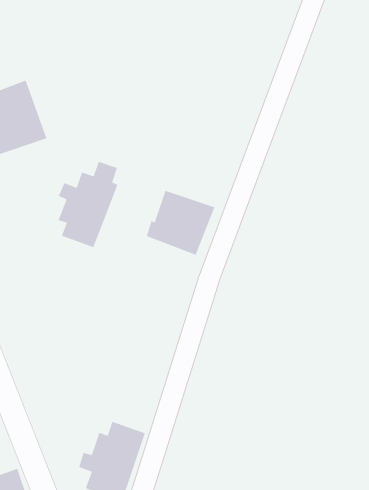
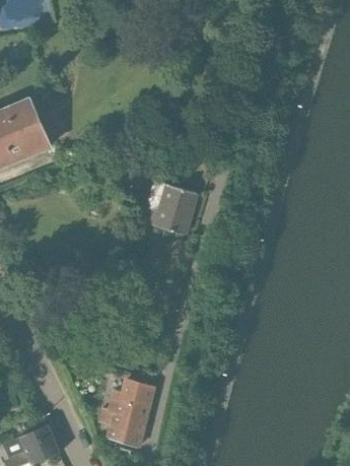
building: [58,161,118,248] -> none

